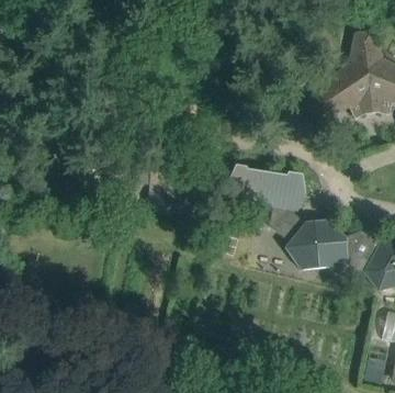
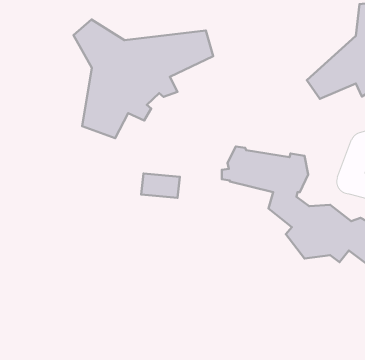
building: none -> [74,19,213,138]

